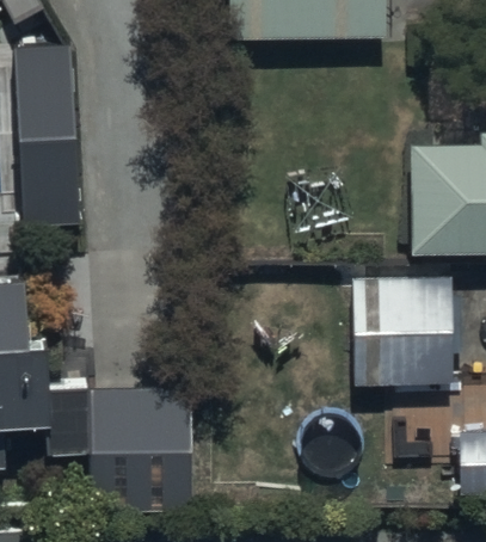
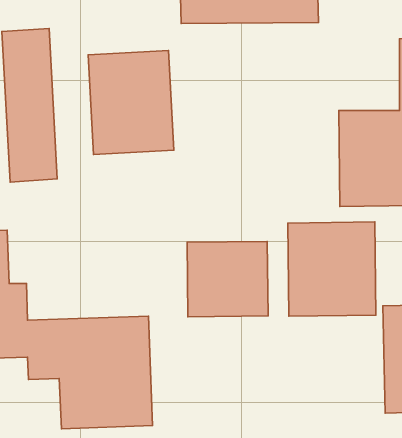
building: none -> [88,51,174,154]
building: none -> [187,241,268,317]

